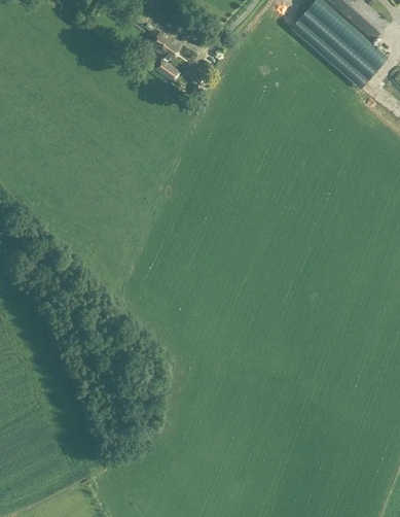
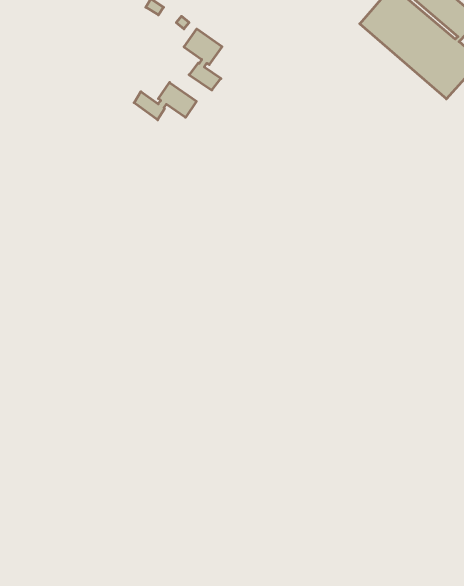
building: none -> [134,82,196,120]

